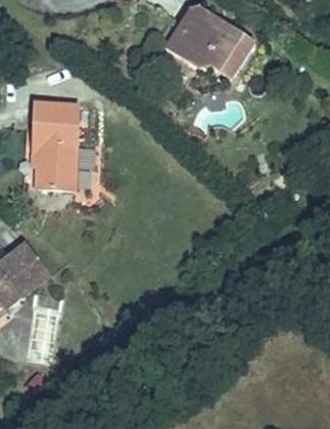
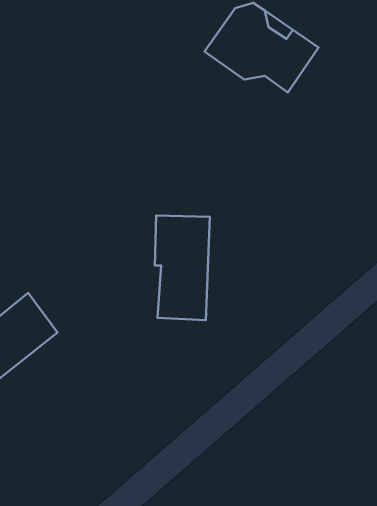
building: [35,103,79,187] -> [155,216,210,320]

